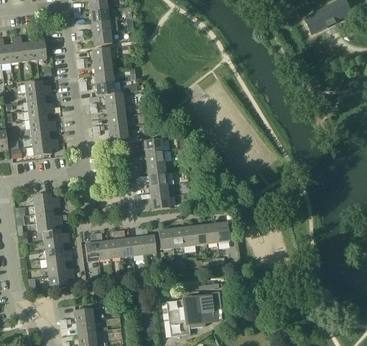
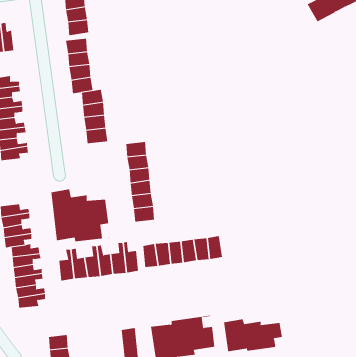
building: none -> [51,189,111,242]
building: none -> [224,319,284,352]

